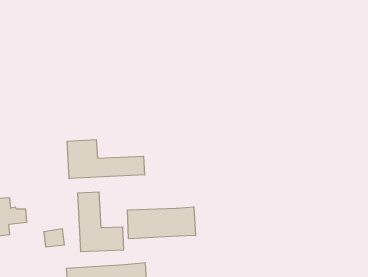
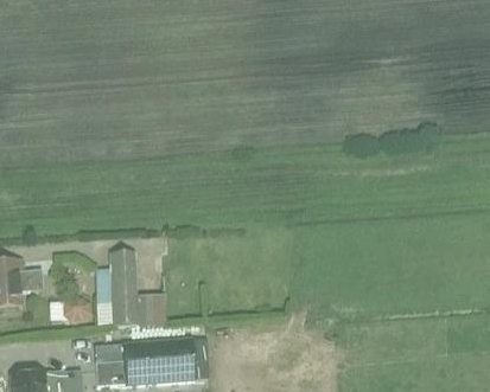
building: [67,140,145,179] -> none
building: [128,207,196,239] -> none

